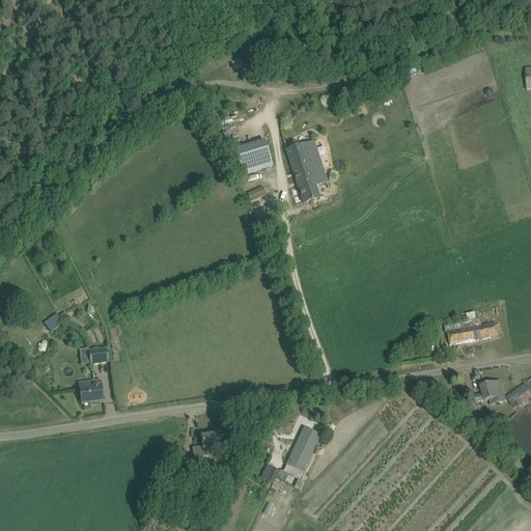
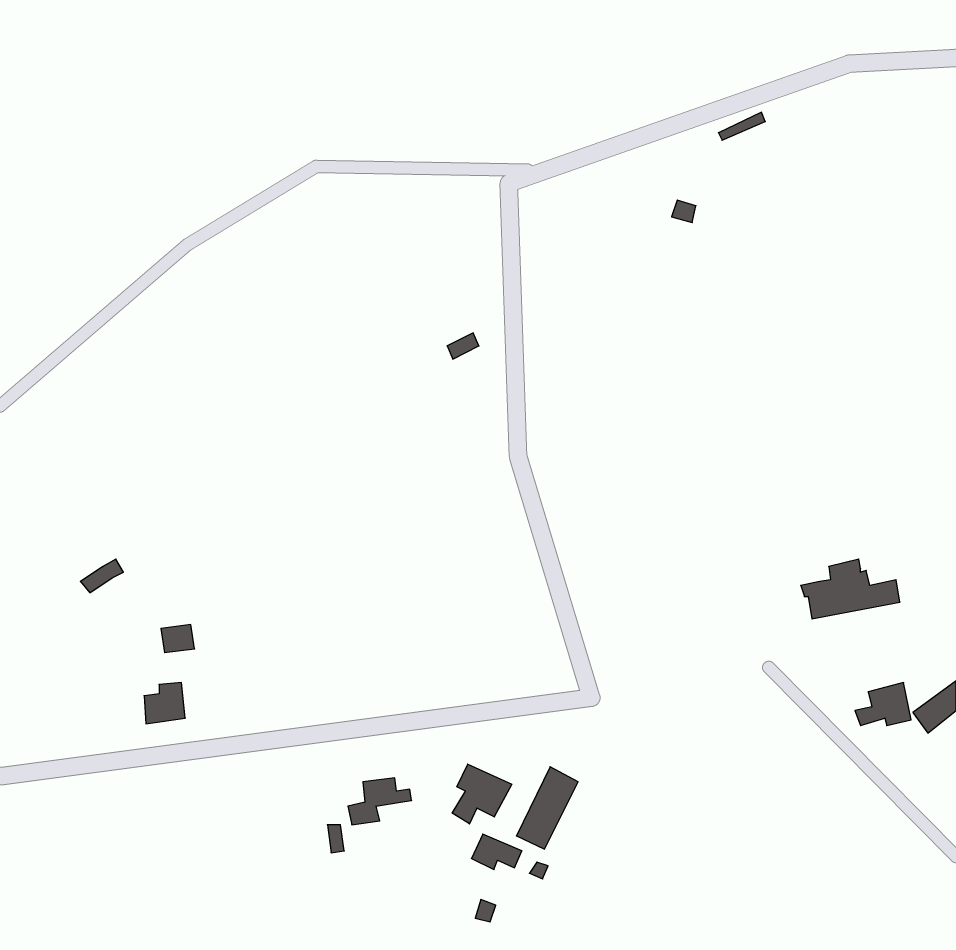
building: [232,138,272,173] -> none
building: [286,140,327,201] -> none
building: none -> [452,764,512,824]

